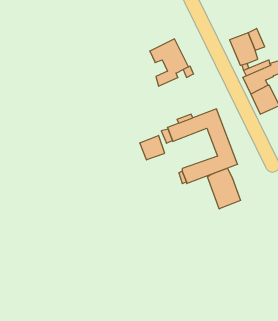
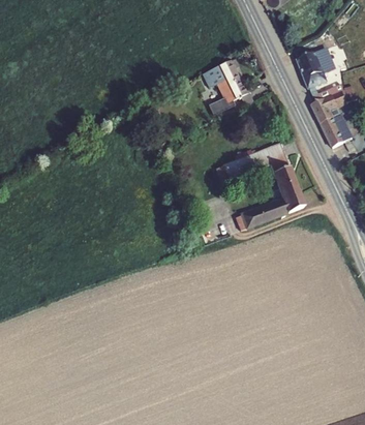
building: [140,135,164,160] -> none
building: [208,168,241,209] -> none

